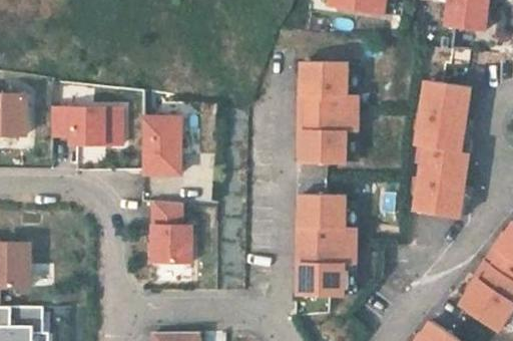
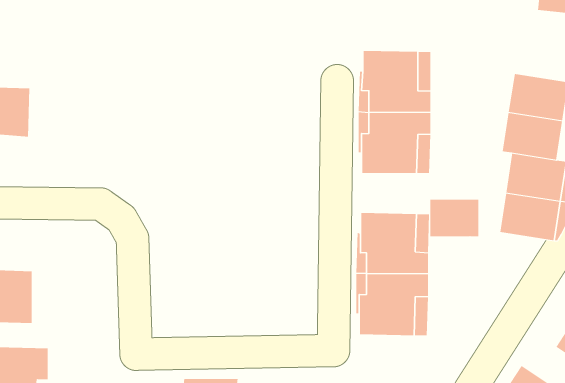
building: [50,105,121,142] -> none
building: [141,115,179,172] -> none
building: none -> [430,199,479,237]
building: [151,199,191,260] -> none

